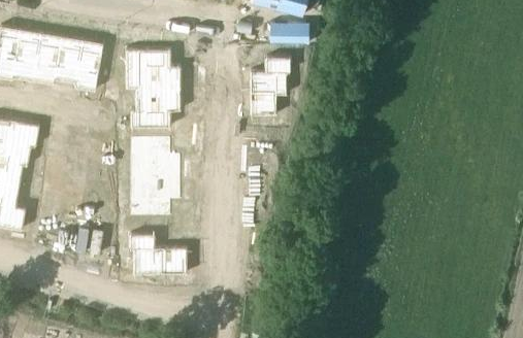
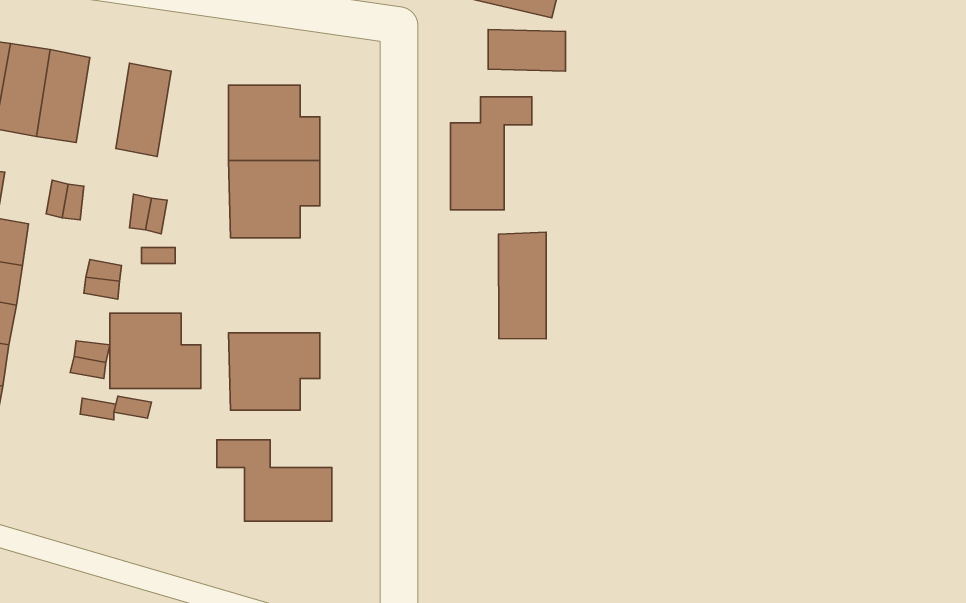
building: [53,37,80,84] -> none
building: none -> [498,232,546,339]
building: [132,141,179,180] -> [110,313,201,389]

